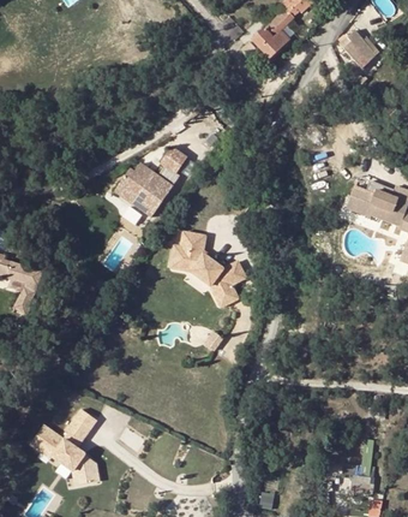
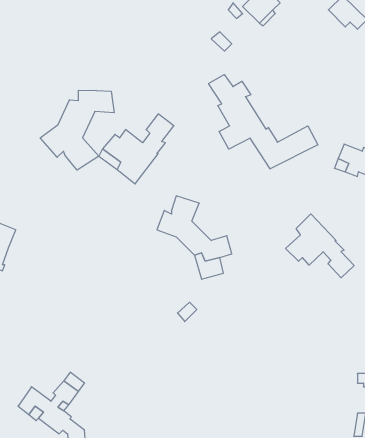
building: none -> [209,75,318,169]
building: none -> [40,90,114,170]
building: none -> [286,214,354,278]

